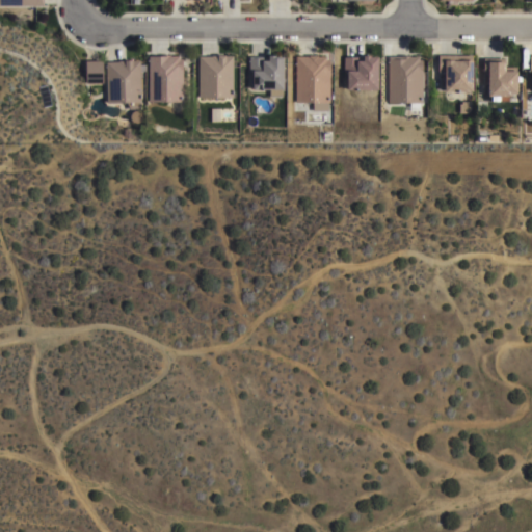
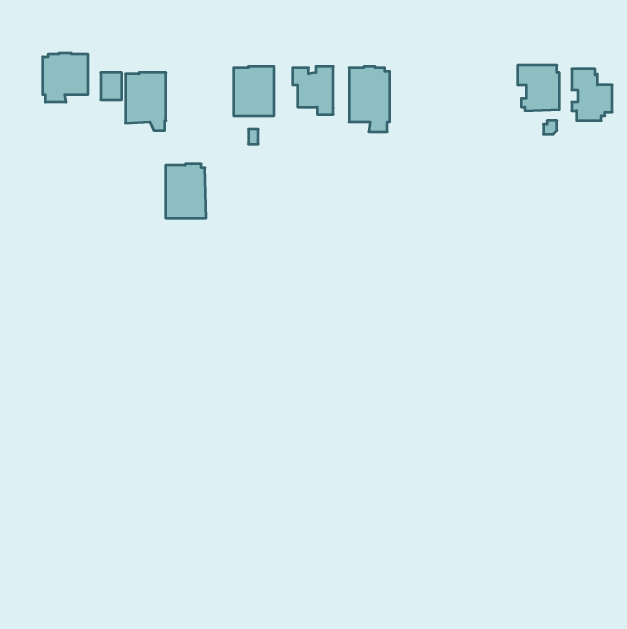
building: none -> [43,53,88,102]
building: [150,56,184,102] -> [166,164,206,218]
building: [389,56,423,103] -> none
building: [344,57,378,91] -> none

